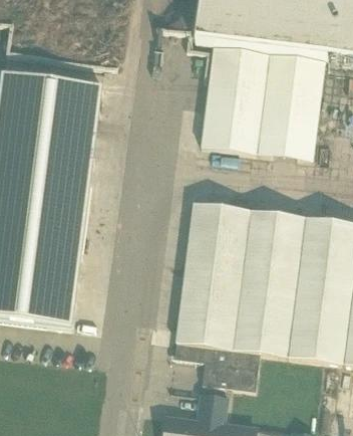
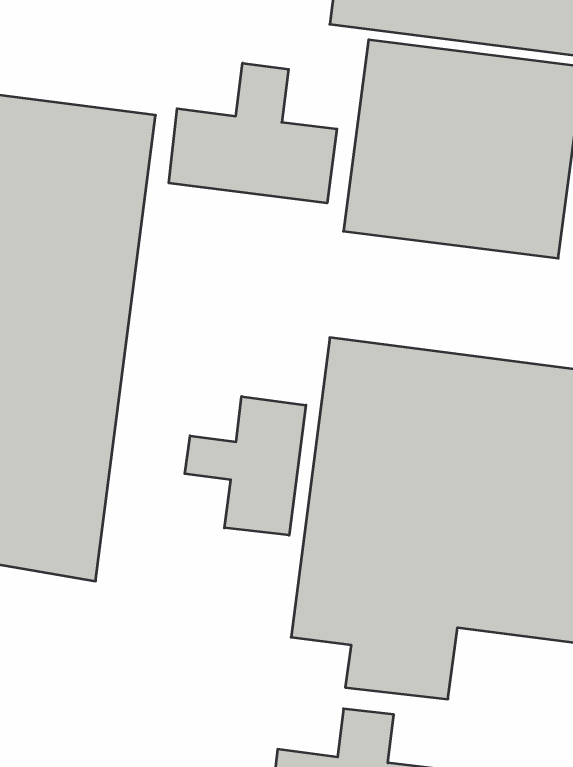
building: none -> [169,63,337,203]
building: none -> [185,396,306,535]

